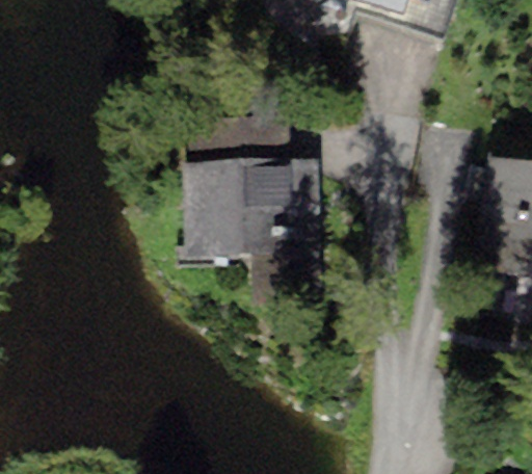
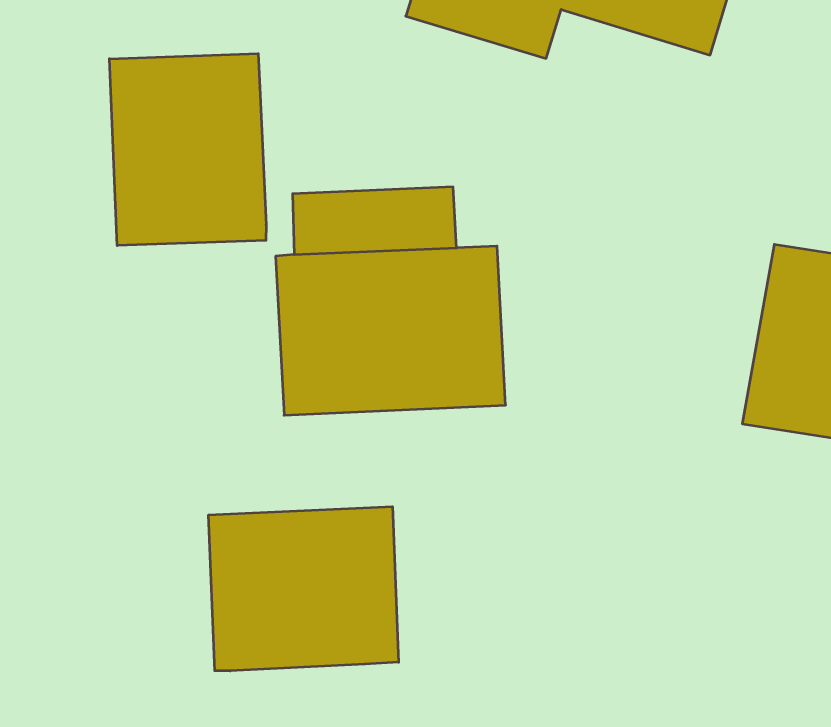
building: none -> [109,54,266,246]
building: none -> [209,507,399,671]

